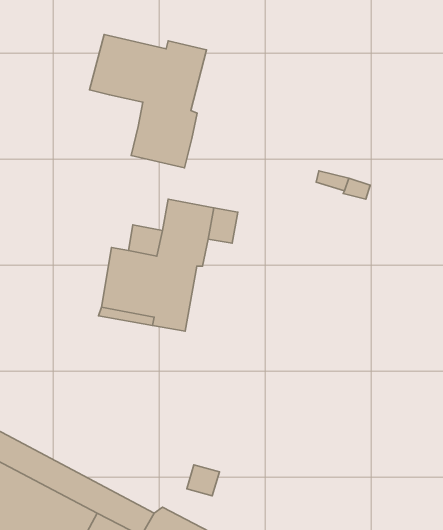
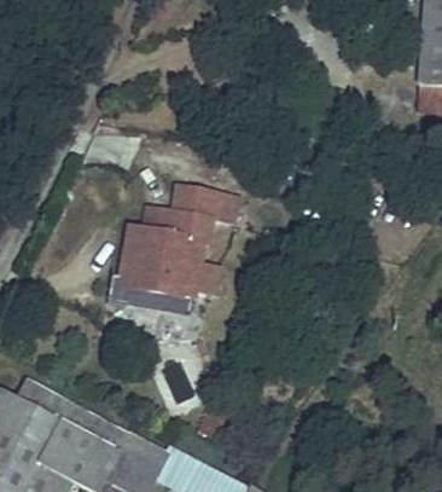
building: [90,35,206,168] -> none

